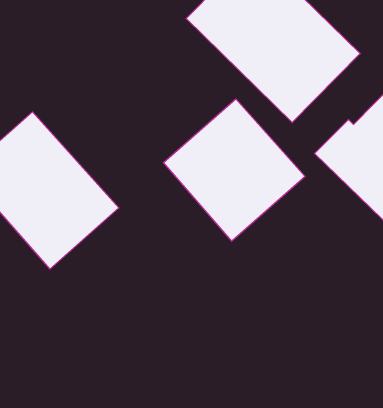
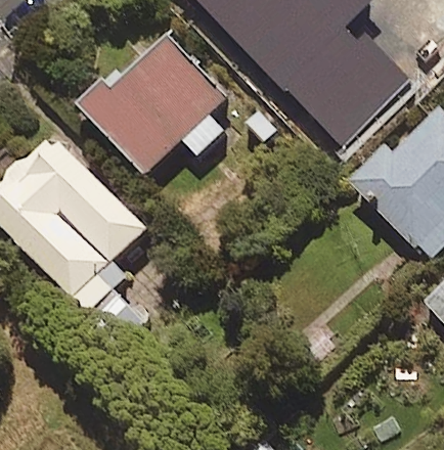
building: none -> [76,34,229,176]
building: [163,99,305,241] -> none

